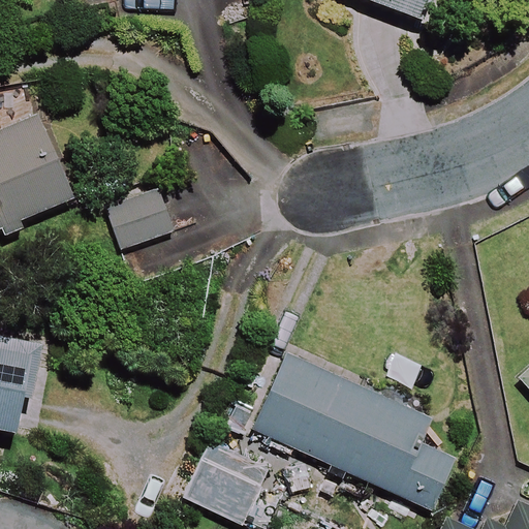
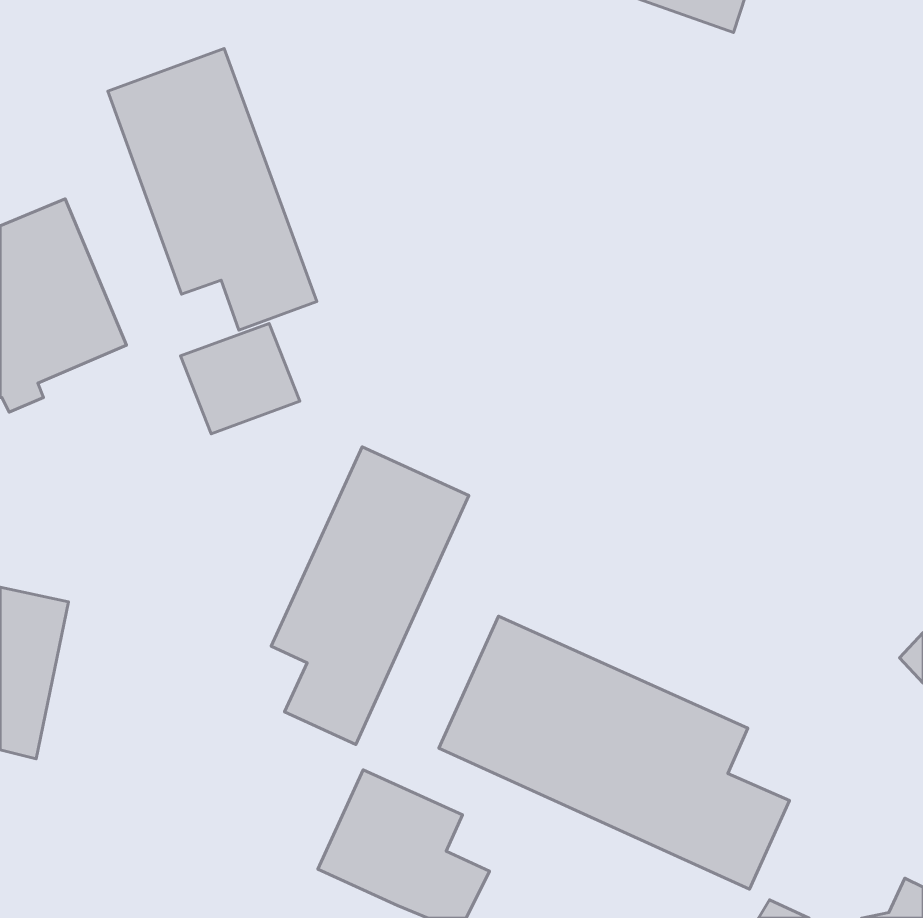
building: none -> [108,49,317,330]
building: none -> [271,447,469,744]

